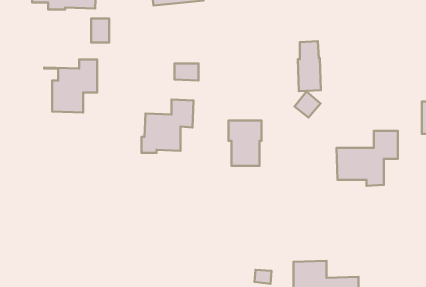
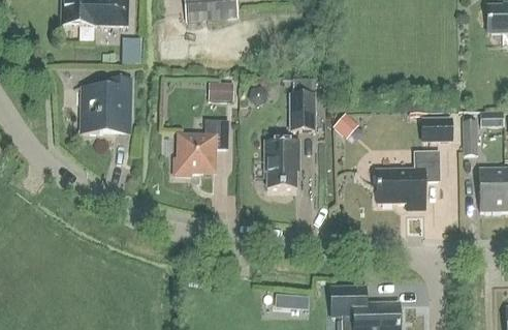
building: [298,41,321,91] -> [290,78,314,129]
building: none -> [422,118,451,142]

